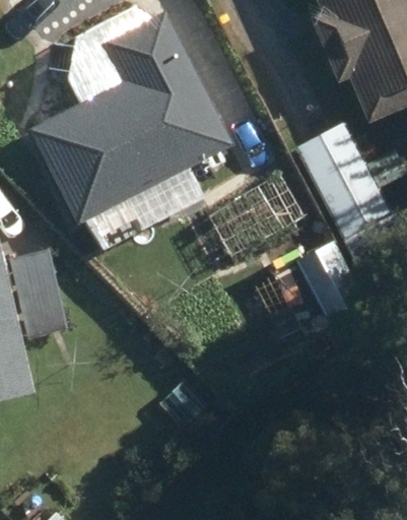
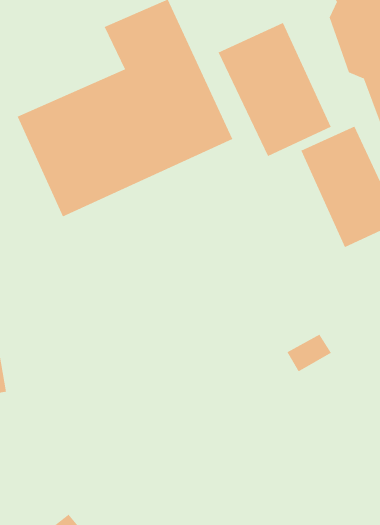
building: none -> [218,22,331,157]

